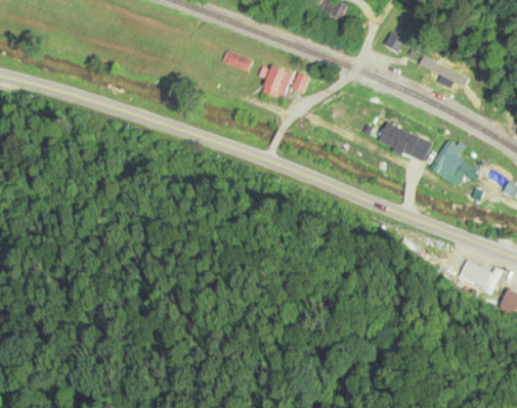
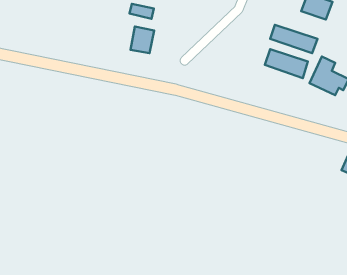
building: [263,64,294,98] -> [131,27,154,53]
building: none -> [270,25,318,53]

